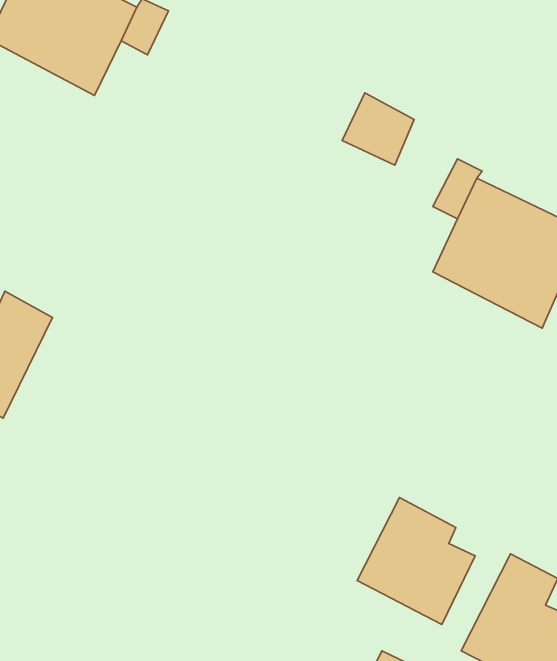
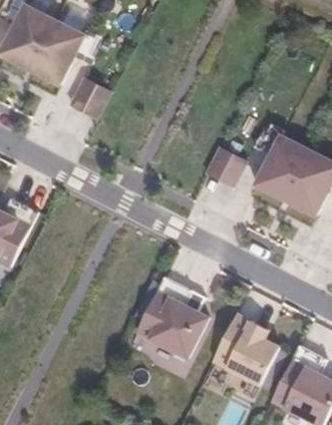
building: none -> [70,78,109,118]
building: [342,93,414,165] -> [205,146,246,187]
building: none -> [134,276,211,360]

